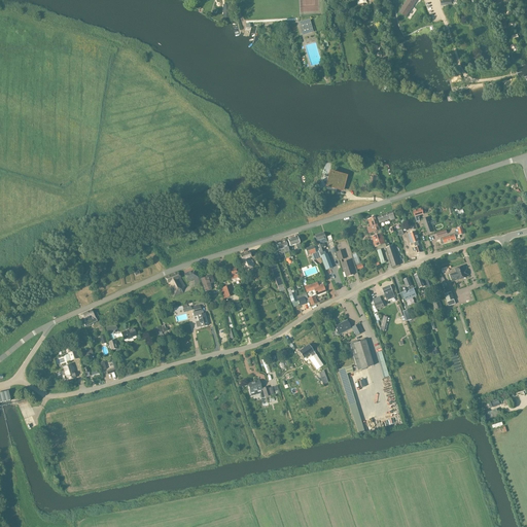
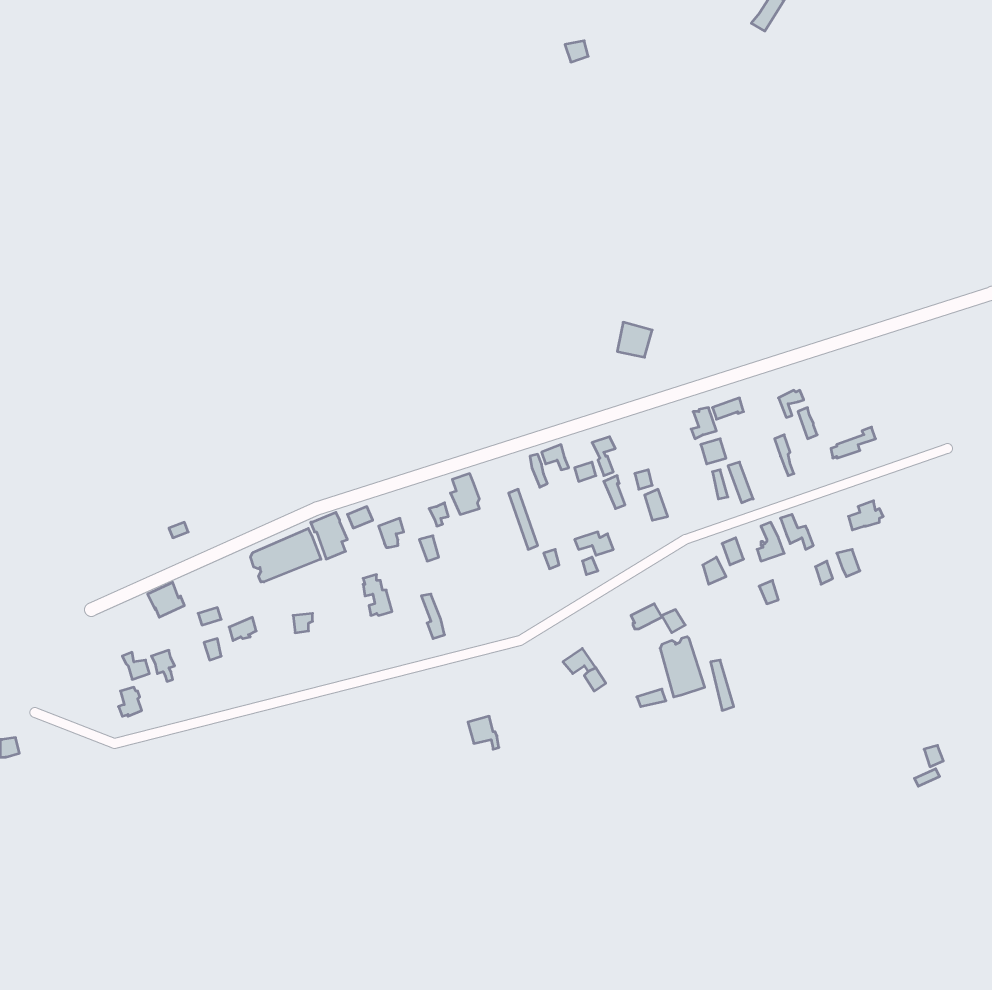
building: none -> [251,528,321,582]

